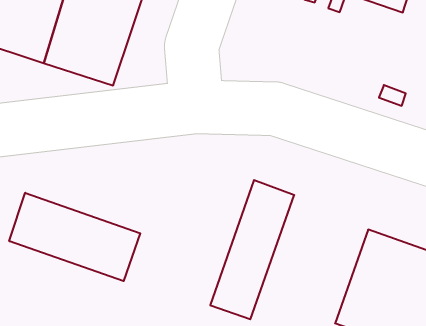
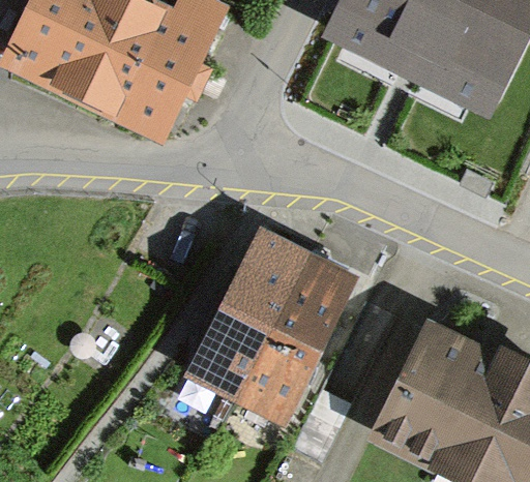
building: none -> [197,238,308,395]
building: [9,193,140,281] -> none

